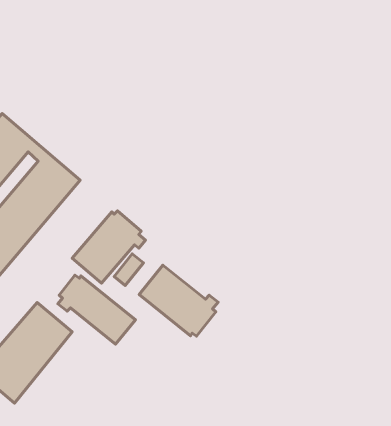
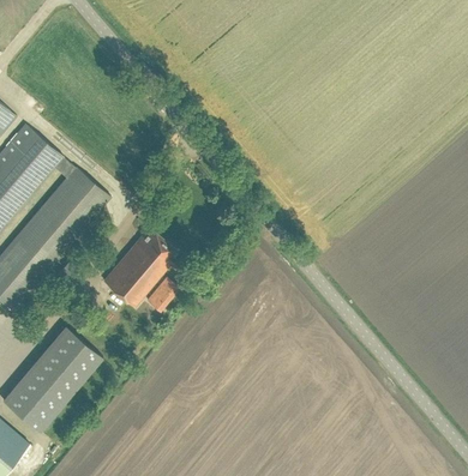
building: [139,265,218,336] -> none
building: [58,275,135,344] -> none

